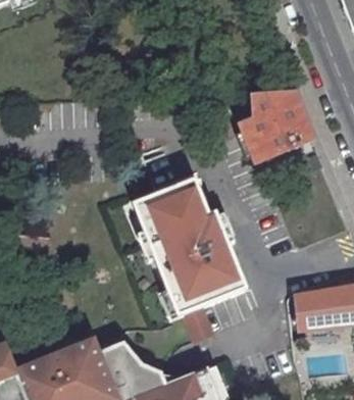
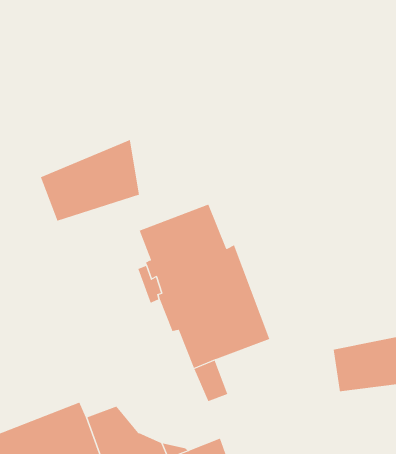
building: [234,80,317,165] -> none
building: none -> [40,139,140,222]

